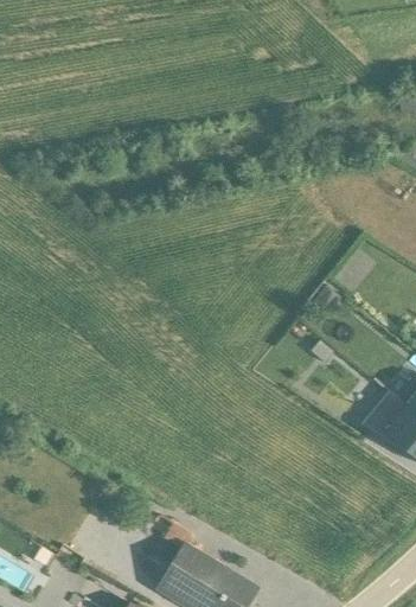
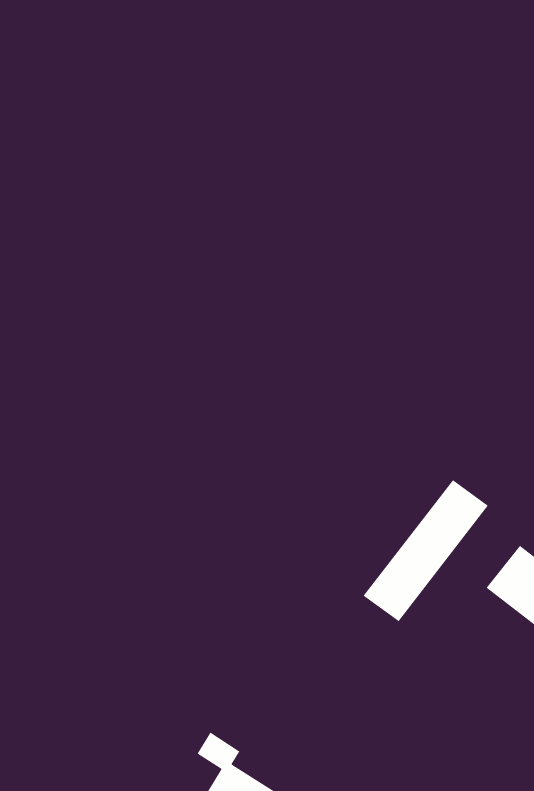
building: none -> [363,479,489,622]

